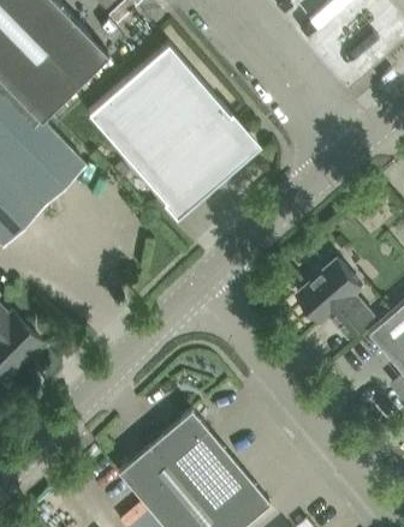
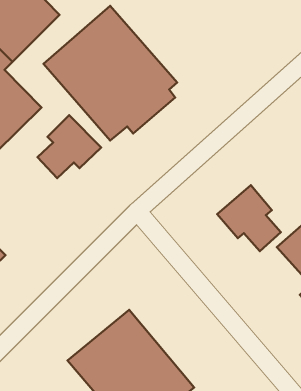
building: none -> [38,115,101,178]

